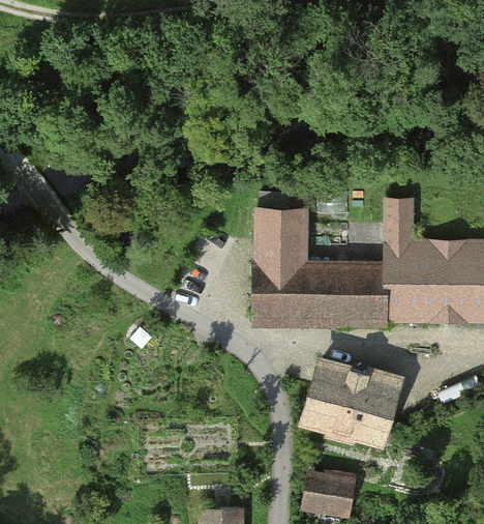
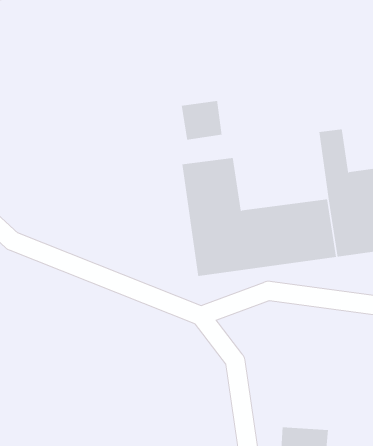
building: none -> [181,100,222,141]
building: [301,359,399,445] -> none

